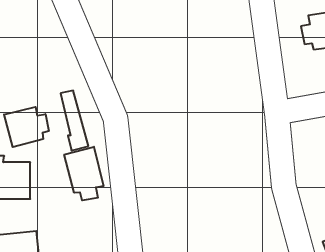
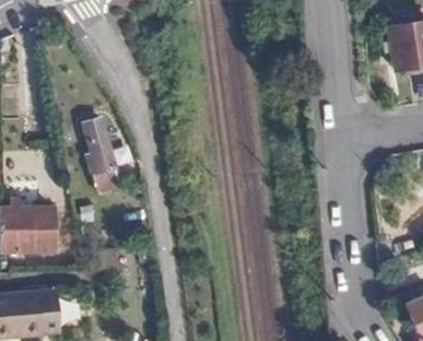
building: [4,107,49,147] -> none
building: [64,147,104,200] -> none

